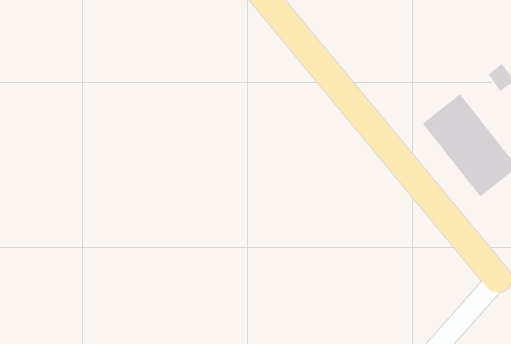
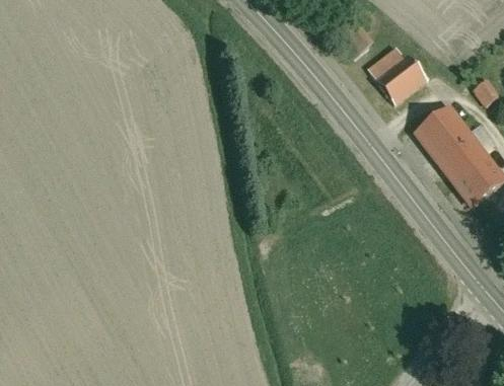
building: none -> [365,43,427,105]

